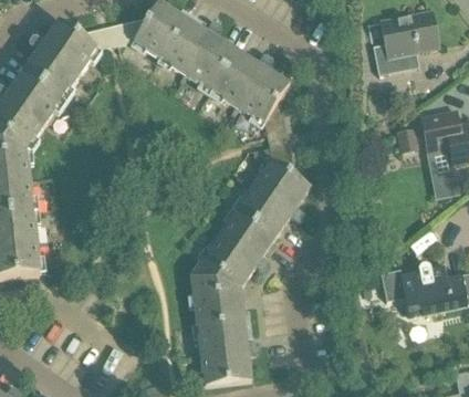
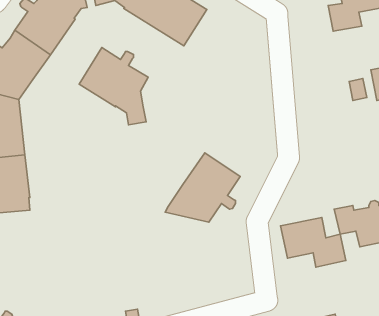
building: [211,50,289,136] -> [79,48,148,125]
building: [234,143,310,237] -> none
building: [190,276,260,386] -> none
building: none -> [280,217,346,267]

